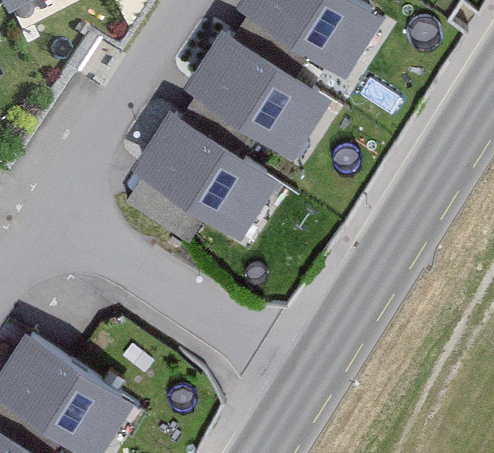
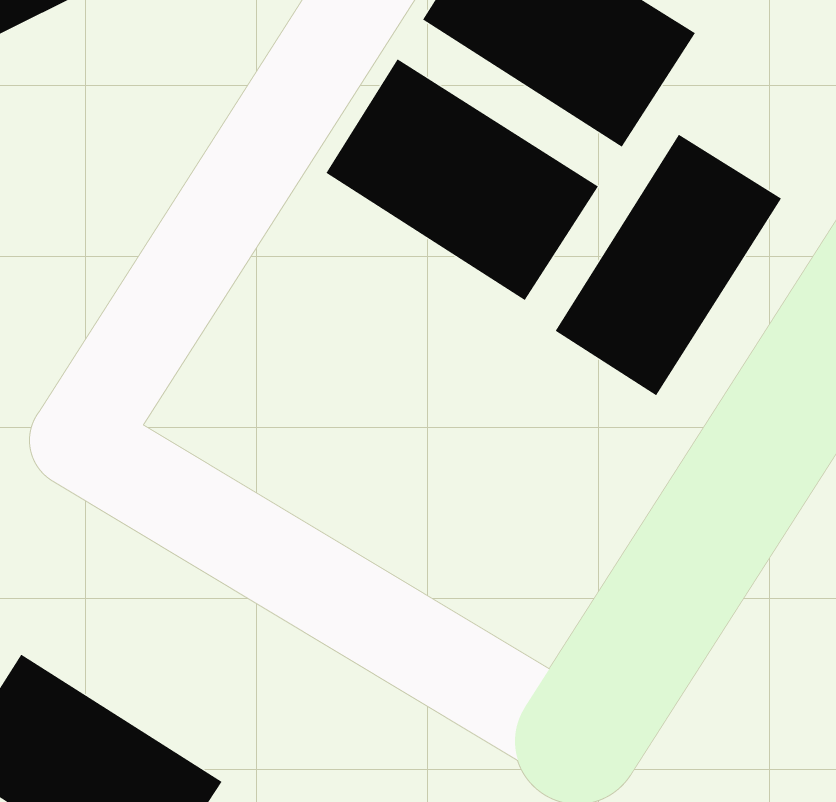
building: none -> [555,134,782,396]
building: [133,114,273,238] -> none

